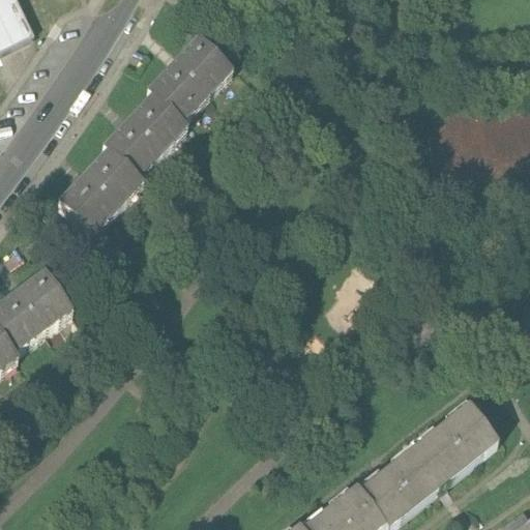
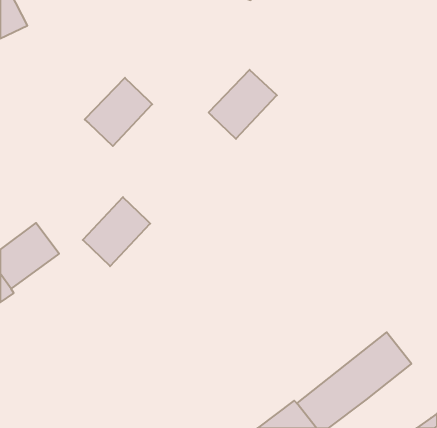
building: [147,38,230,122] -> [209,70,277,139]
building: [59,149,141,233] -> [83,197,150,266]

